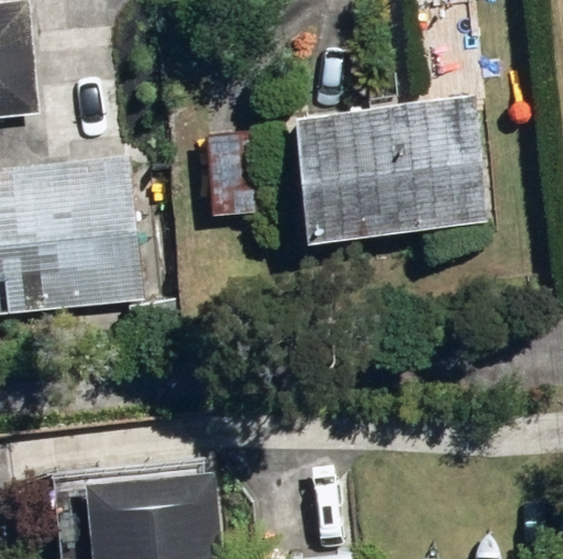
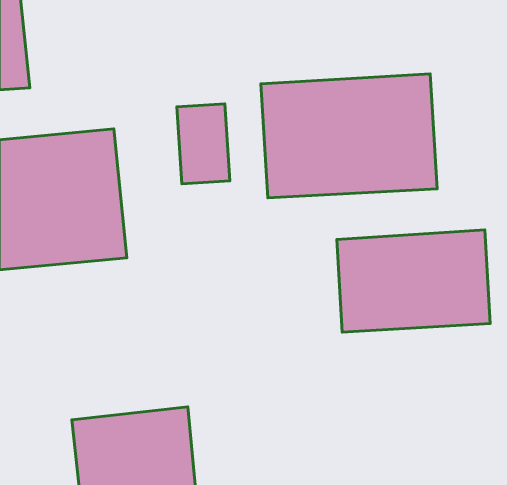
building: none -> [337,230,490,332]

